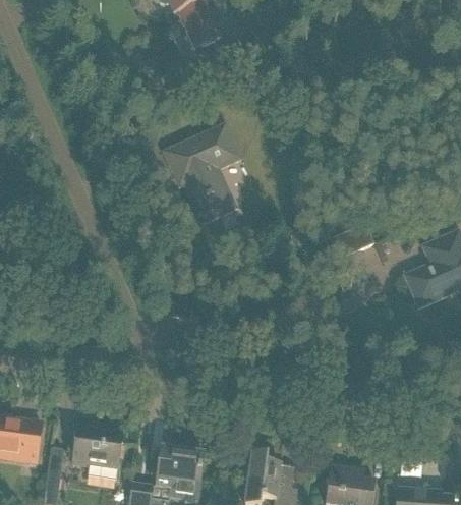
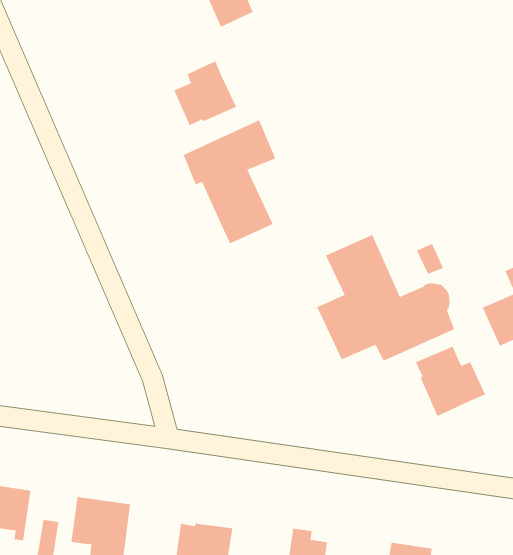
building: none -> [174,60,237,126]
building: none -> [317,234,455,361]
building: none -> [415,346,486,417]

